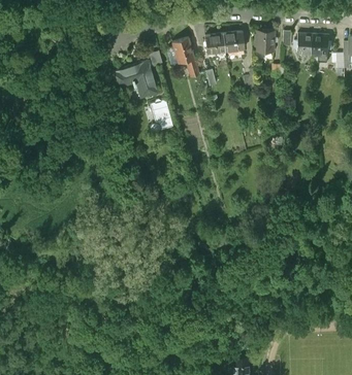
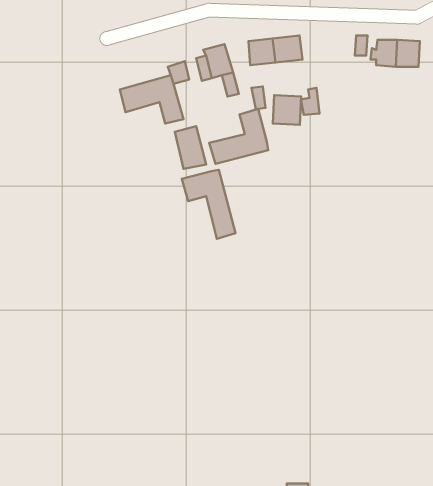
building: [254,31,275,53] -> [273,95,301,125]
building: none -> [209,109,268,164]
building: none -> [182,170,235,239]

